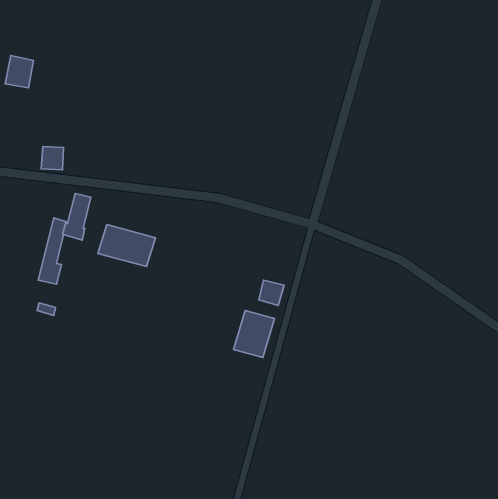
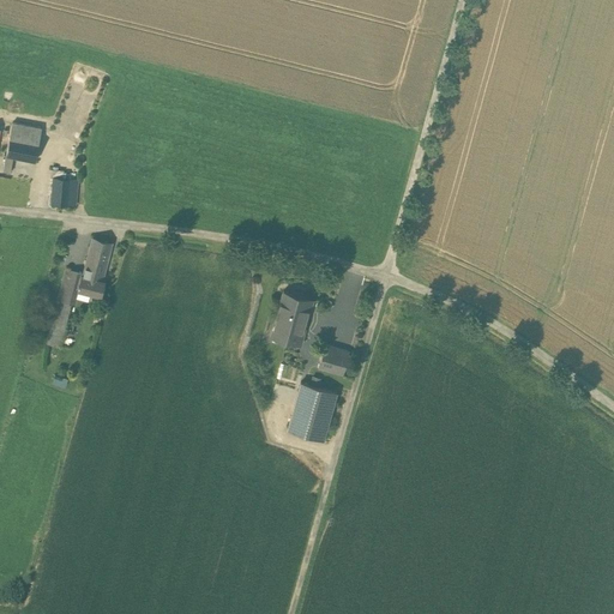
building: [5,56,33,88] -> [6,124,41,163]
building: [98,225,155,267] -> none
building: none -> [269,290,315,349]

